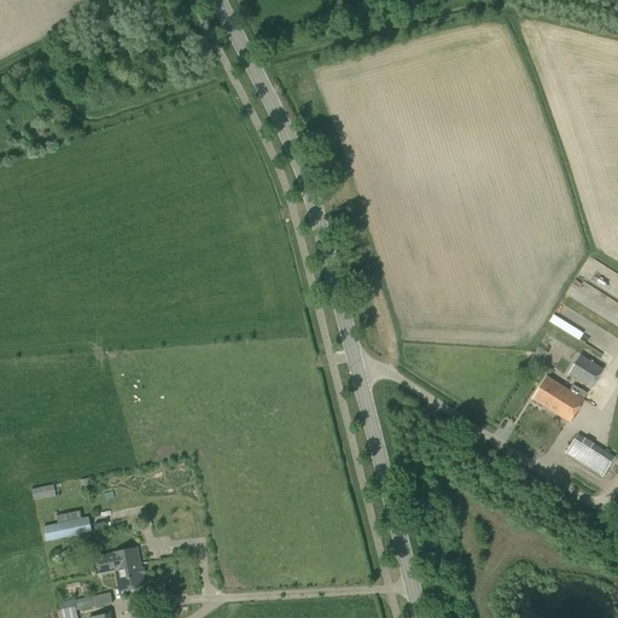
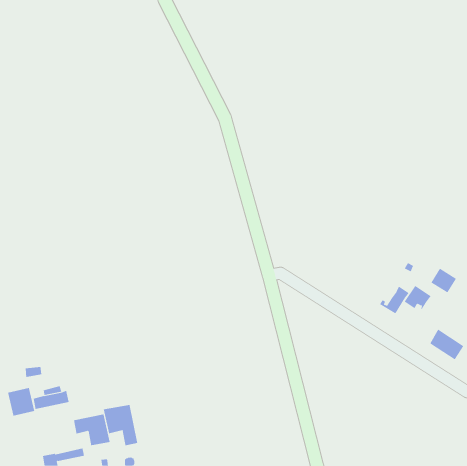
building: [548,384,588,421] -> [379,286,409,314]
building: none -> [8,387,35,416]
building: none -> [103,404,138,446]

